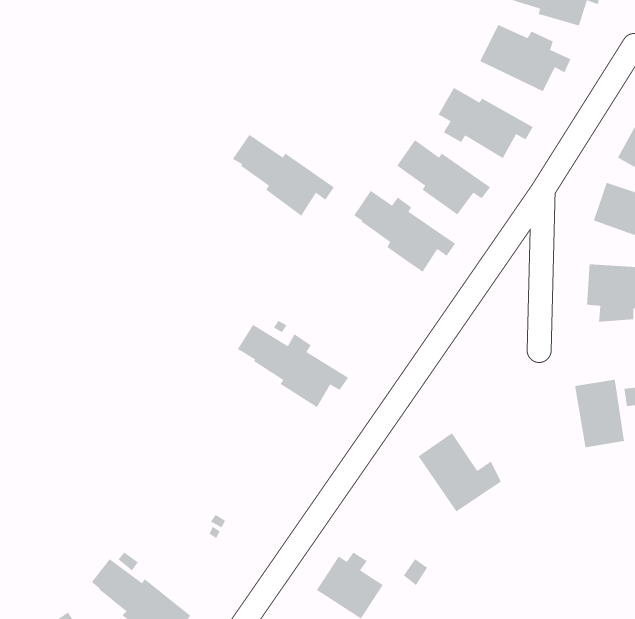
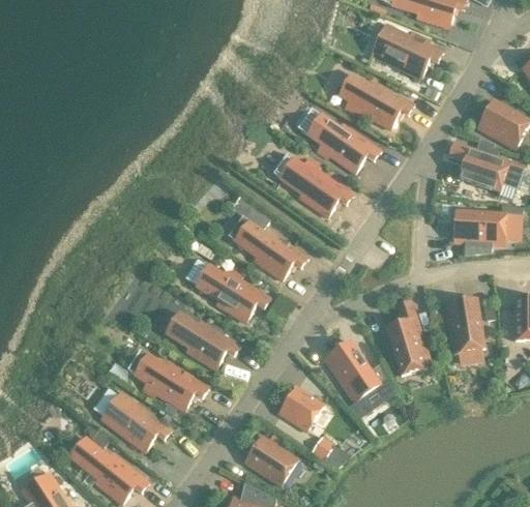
building: [232,134,335,217] -> [228,215,307,279]
building: none -> [385,300,431,374]
building: none -> [166,310,239,368]
building: none -> [127,349,208,410]
building: none -> [278,385,323,429]
building: none -> [100,391,171,450]

